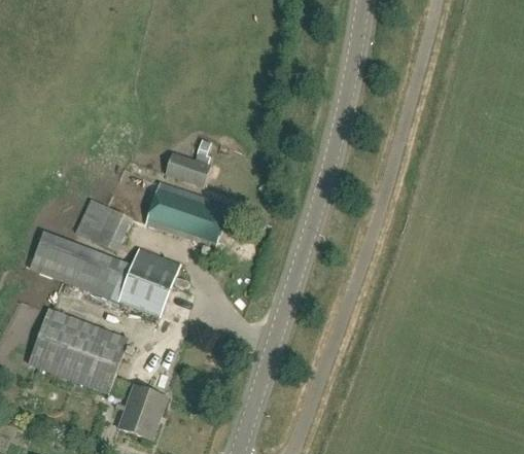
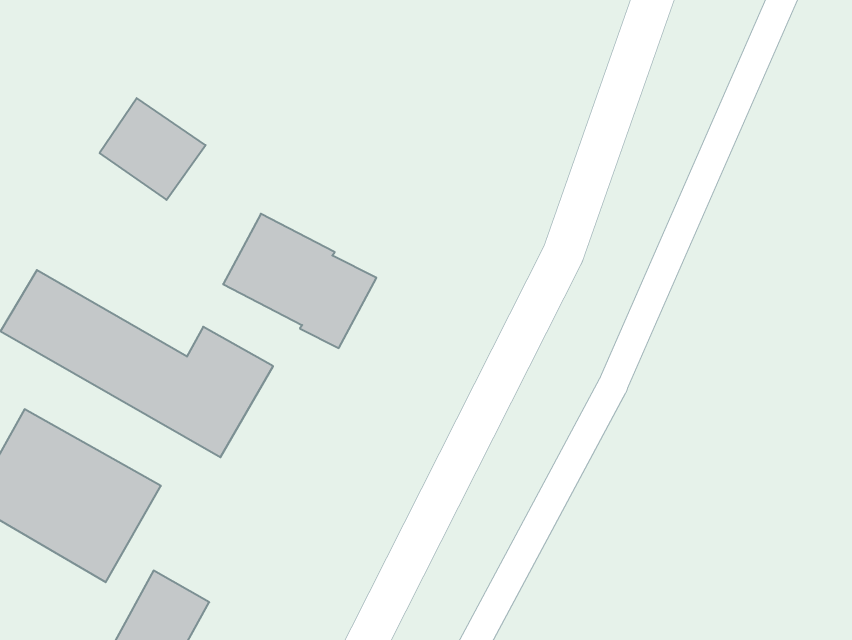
building: [163,151,210,186] -> none
building: [75,199,132,251] -> [100,98,206,200]

